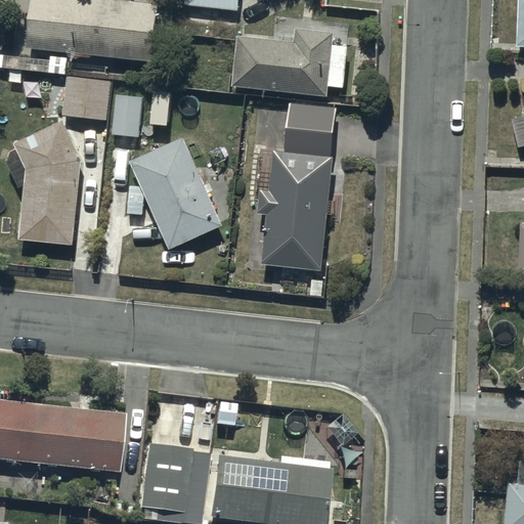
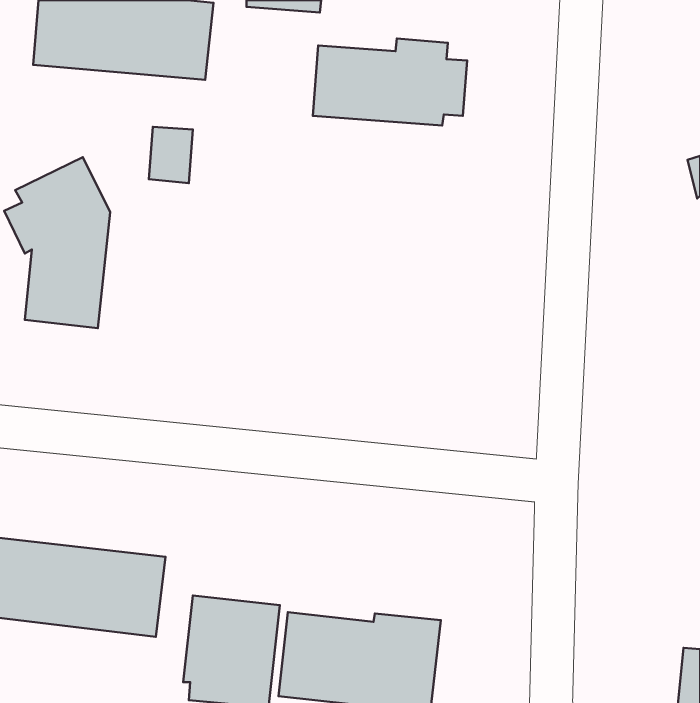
building: [60,77,110,121] -> none
building: [258,104,336,270] -> none
building: [129,137,224,250] -> none

